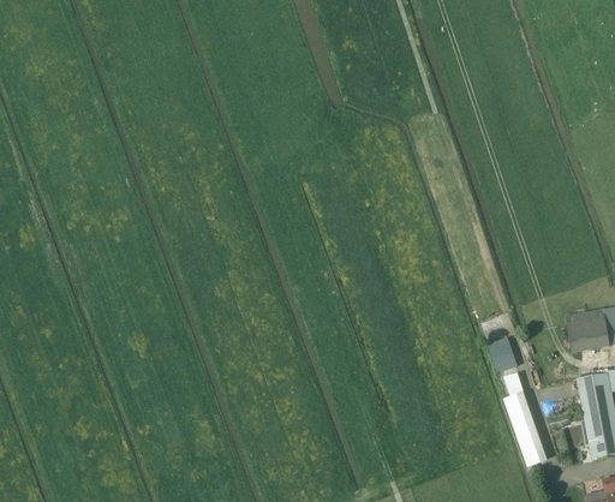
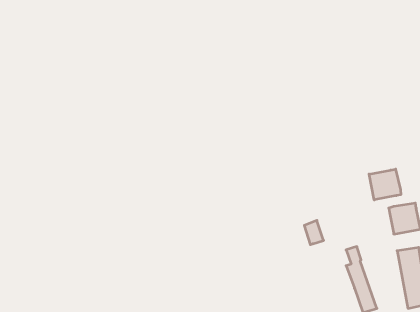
building: none -> [369,169,401,200]
building: [489,336,517,371] -> [304,220,324,245]

